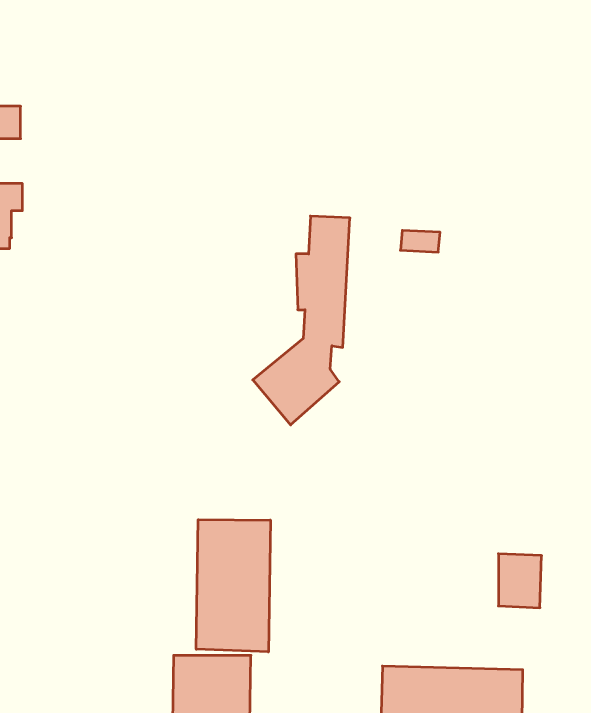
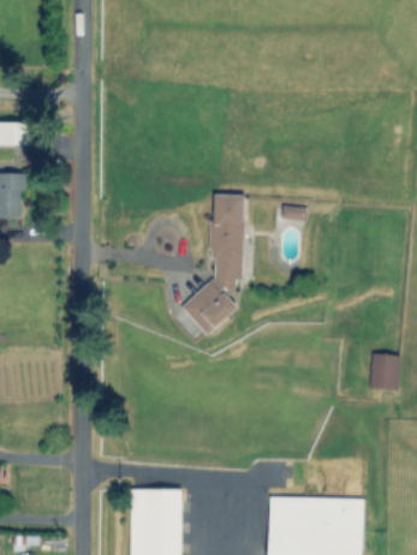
building: [196,520,270,652] -> none
building: [498,554,542,608] -> [369,353,398,389]

